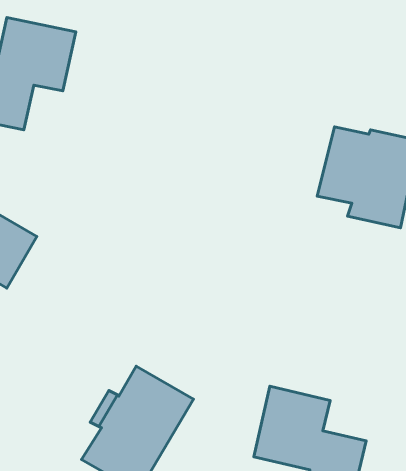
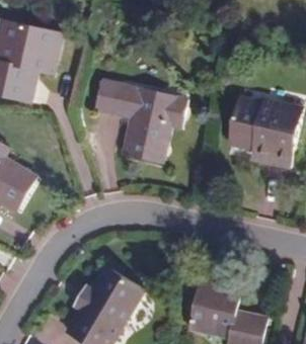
building: none -> [98,79,189,163]

